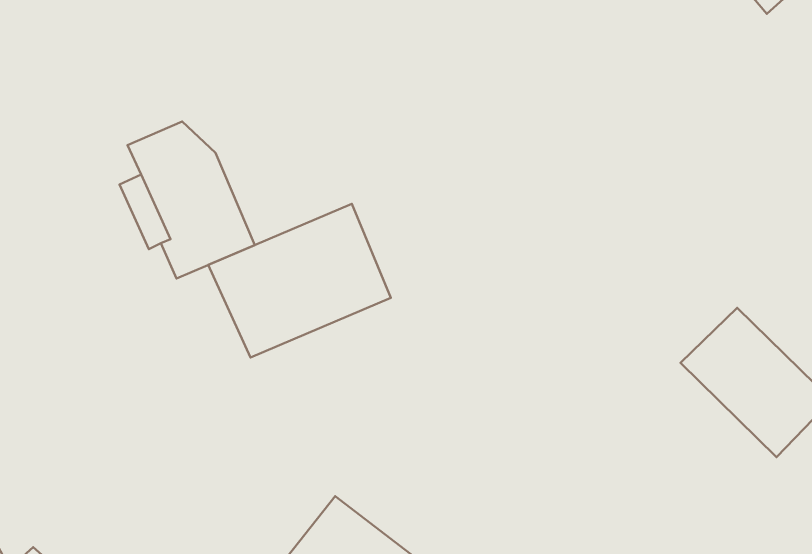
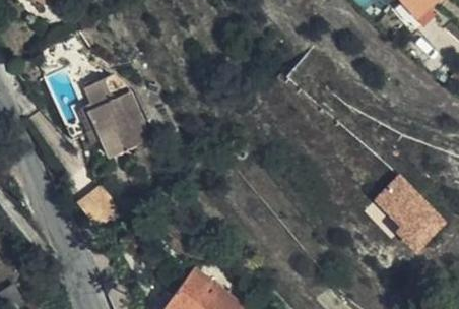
building: [208,204,391,357] -> none
building: none -> [78,183,119,226]

